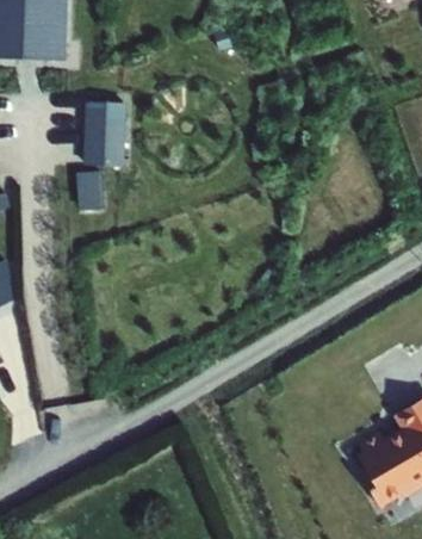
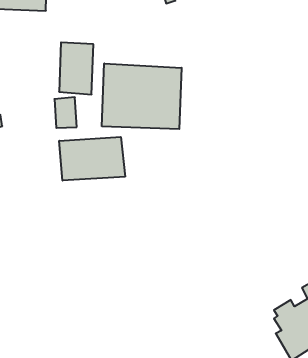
building: none -> [102,63,182,129]
building: none -> [59,137,125,181]

